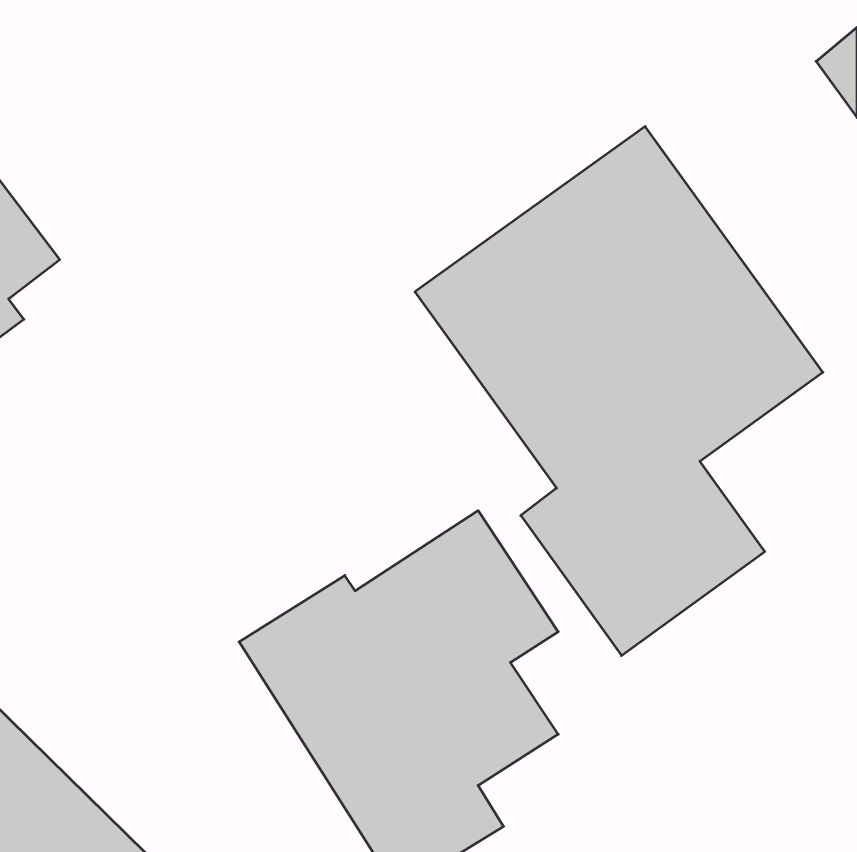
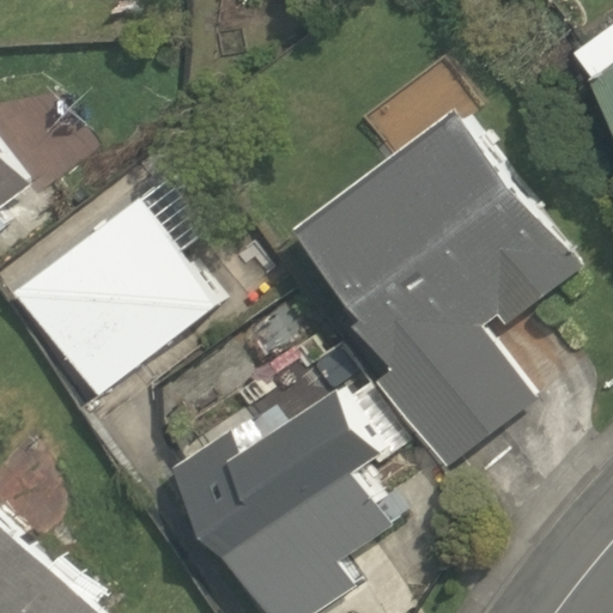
building: none -> [6,196,218,405]

